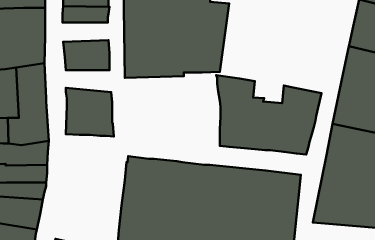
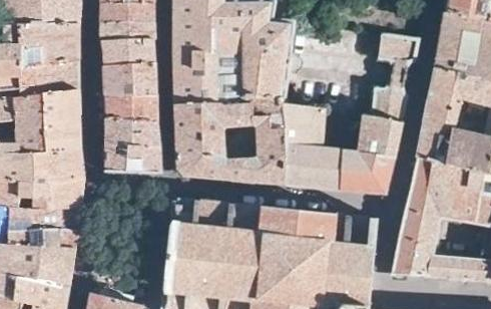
building: none -> [369,17,426,121]
building: none -> [100,38,154,61]
building: none -> [104,94,157,120]
building: none -> [173,96,286,184]

